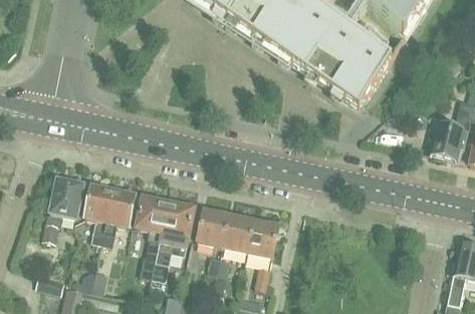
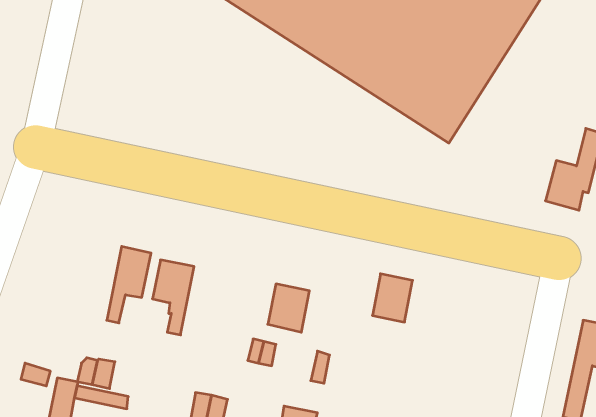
building: [44,178,82,240] -> none
building: [85,182,113,241] -> none
building: [153,201,194,278] -> none
building: [197,208,229,244] -> none
building: [248,219,278,255] -> [372,274,413,322]

